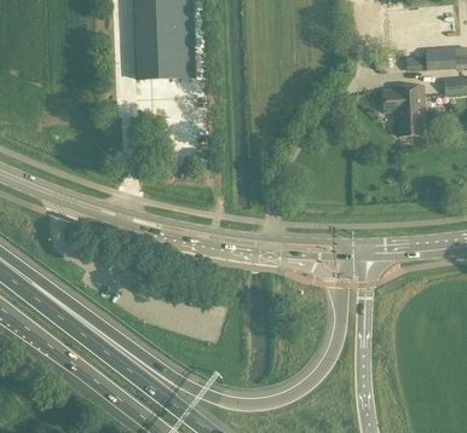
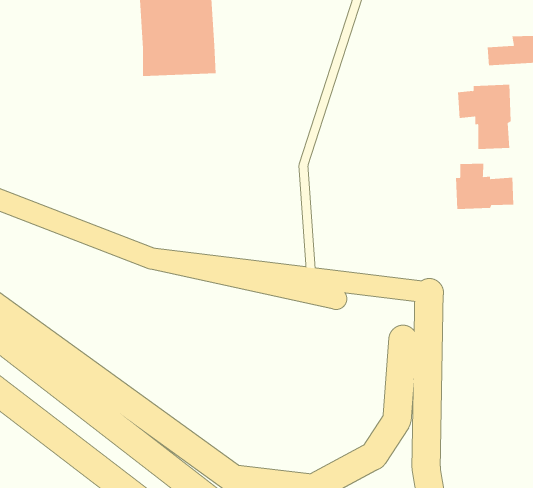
building: none -> [455,163,514,210]

